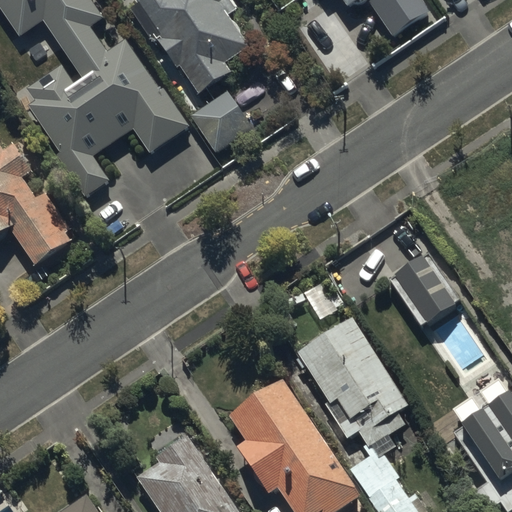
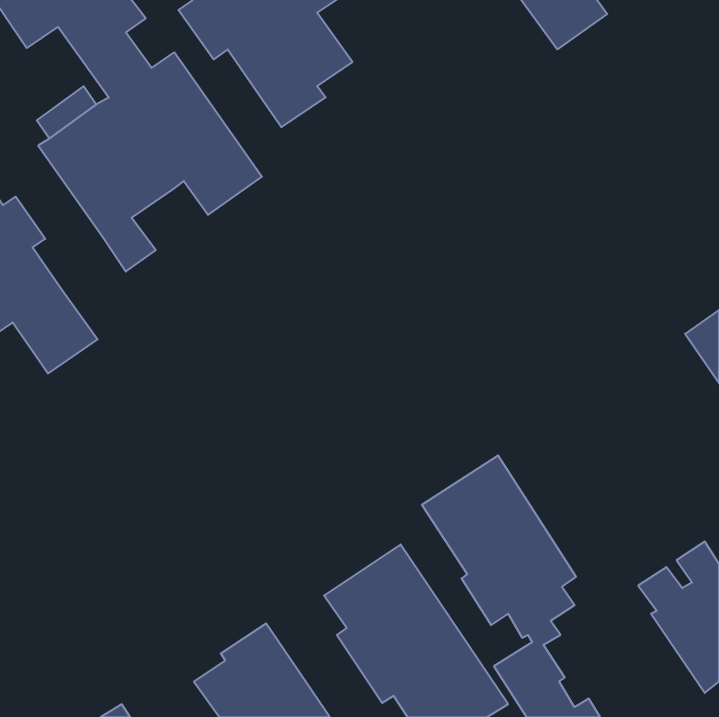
building: [189,90,253,155] -> none
building: [395,255,461,326] -> none

